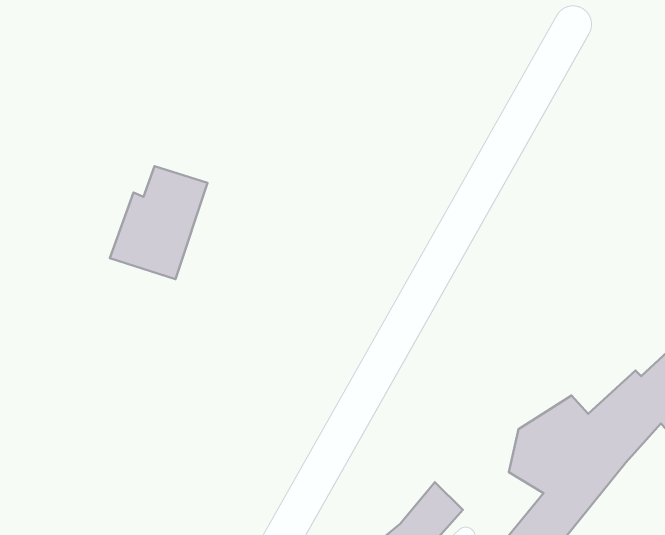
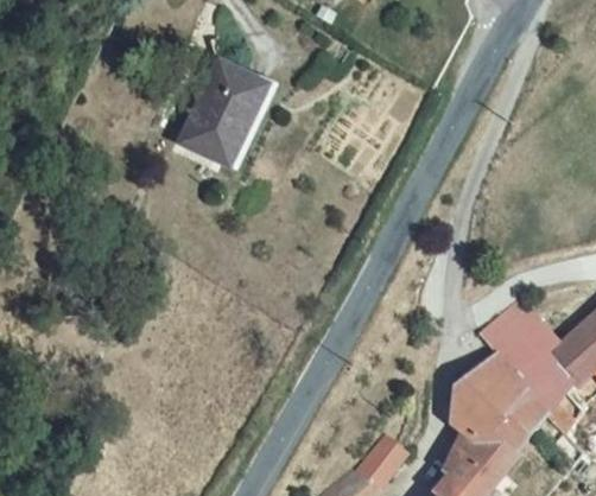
building: [110,166,208,279] -> [189,75,272,171]
building: none -> [480,295,556,373]

